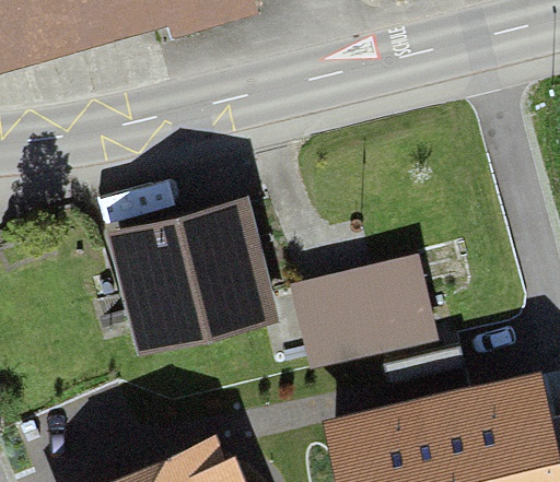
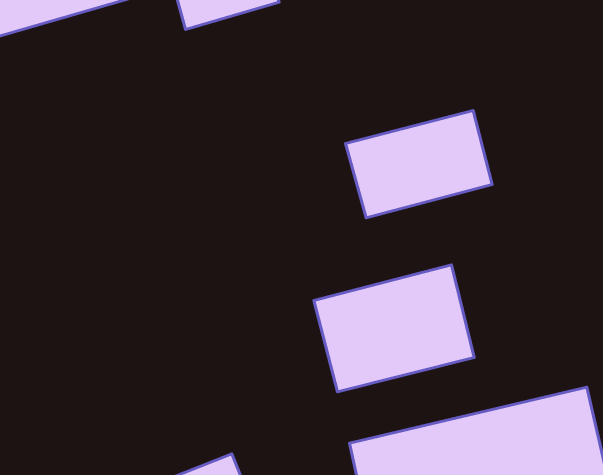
building: none -> [346,111,492,218]
building: [117,204,265,343] -> none

